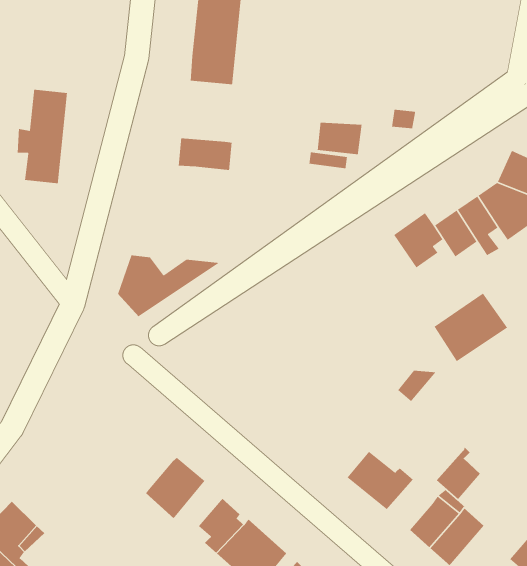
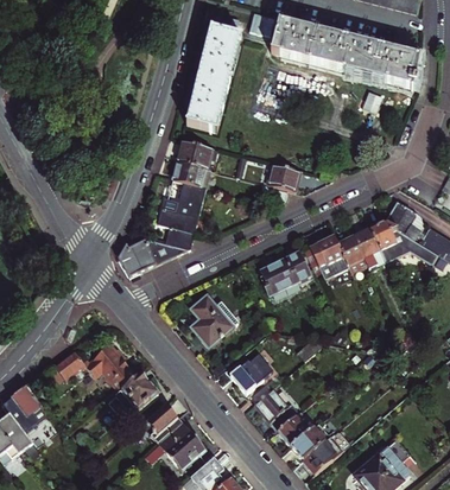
building: [17,89,68,184] -> [165,182,205,248]
building: none -> [176,141,210,167]
building: [434,293,508,362] -> [260,249,310,293]
building: none -> [191,297,237,346]
building: none -> [230,355,273,395]
building: none -> [53,345,138,393]
building: [436,446,481,500] -> [277,411,308,446]

